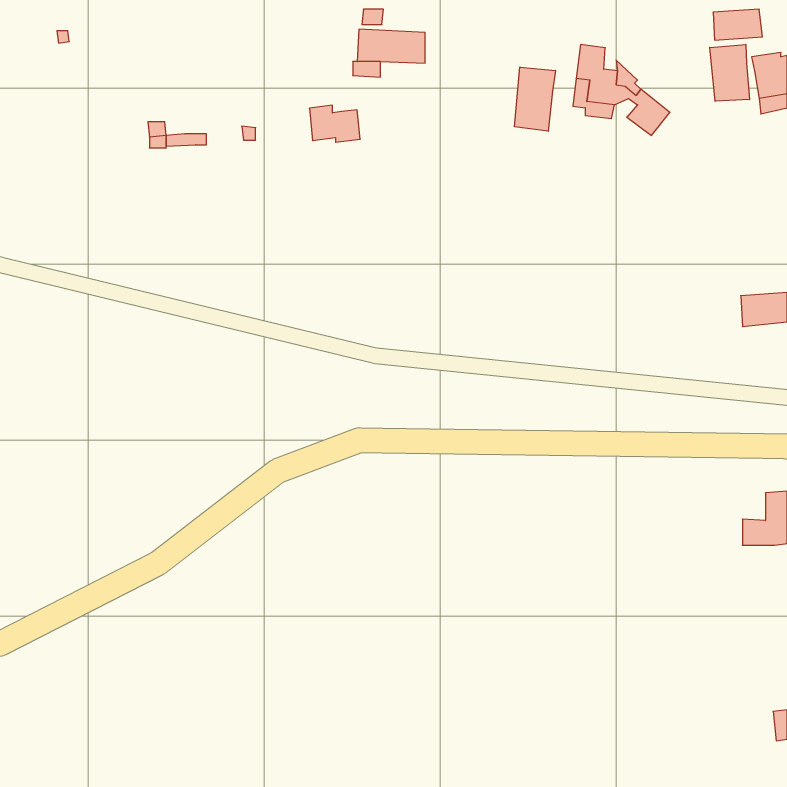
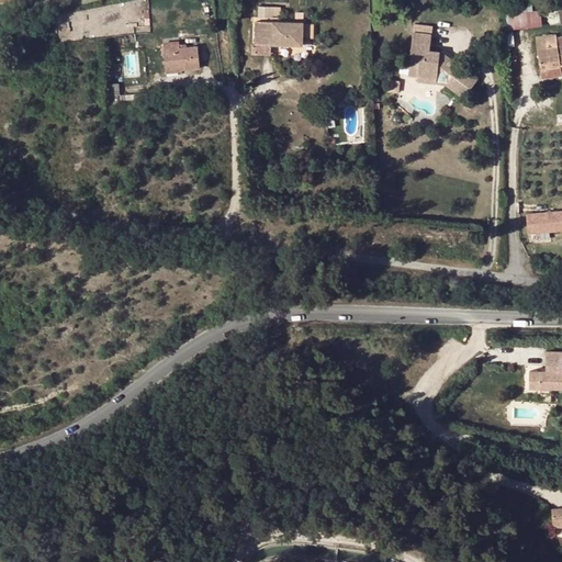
building: [710,44,749,101] -> none
building: [515,67,555,131] -> none
building: [309,105,360,142] -> [164,45,200,71]

